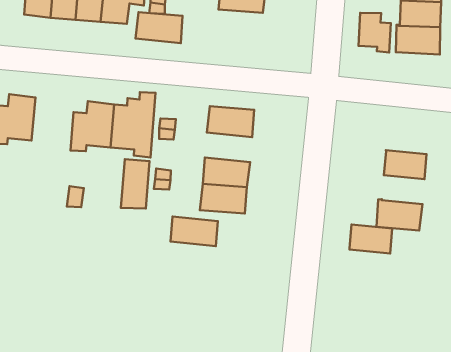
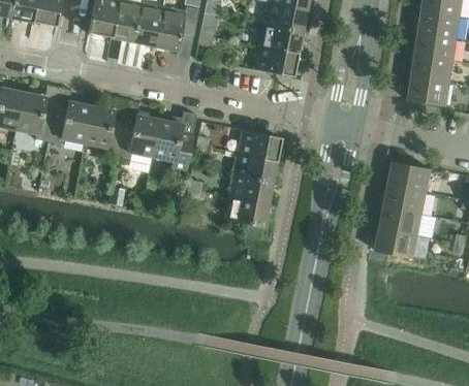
building: [135,12,183,43] -> [253,45,296,76]
building: [358,13,391,52] -> none
building: none -> [83,105,122,155]
building: none -> [388,160,432,191]
building: [121,159,149,209] -> none
building: [170,217,218,246] -> [232,152,276,182]
building: [349,224,392,253] -> [383,205,423,234]

